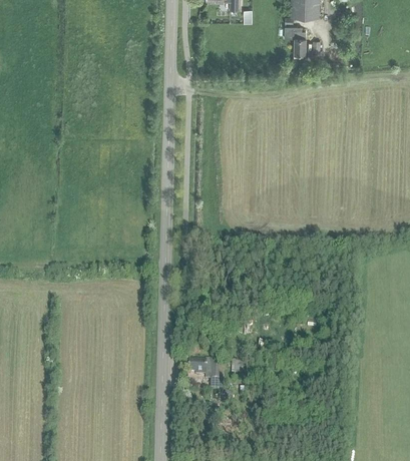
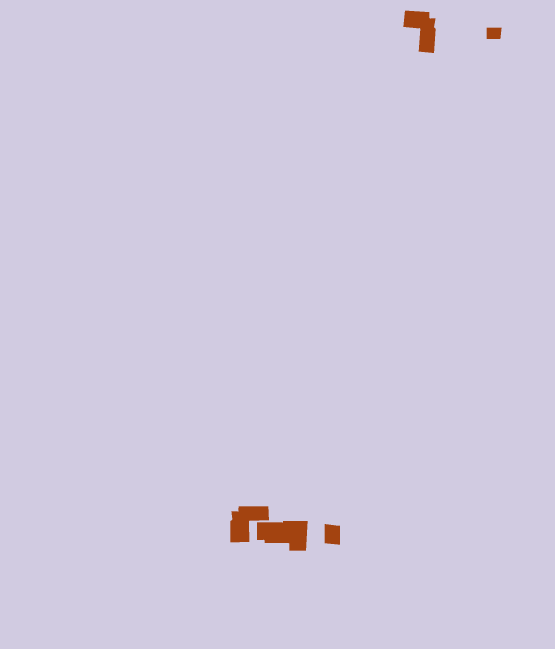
building: none -> [230,505,269,543]

